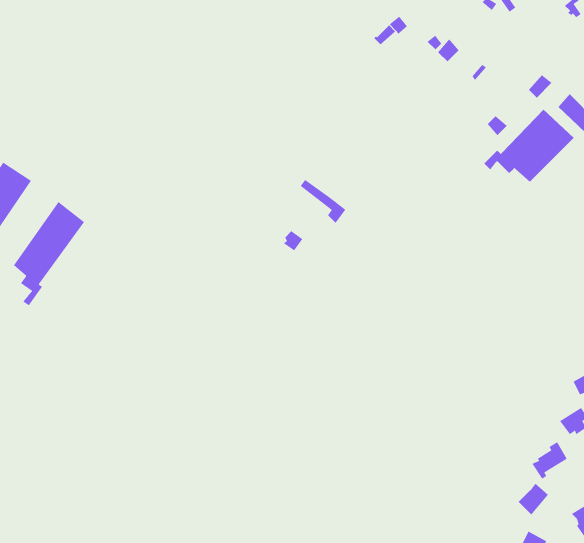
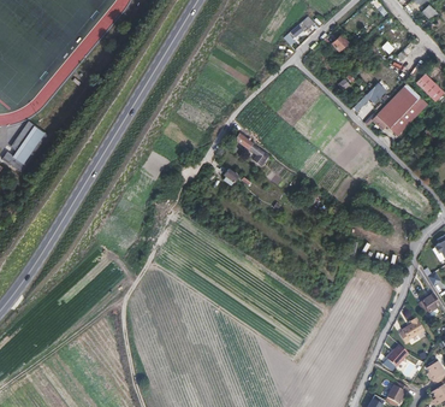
building: [13,201,85,306] -> none

